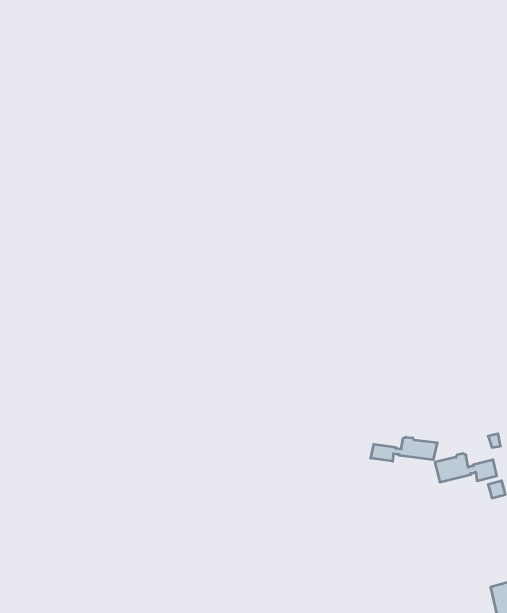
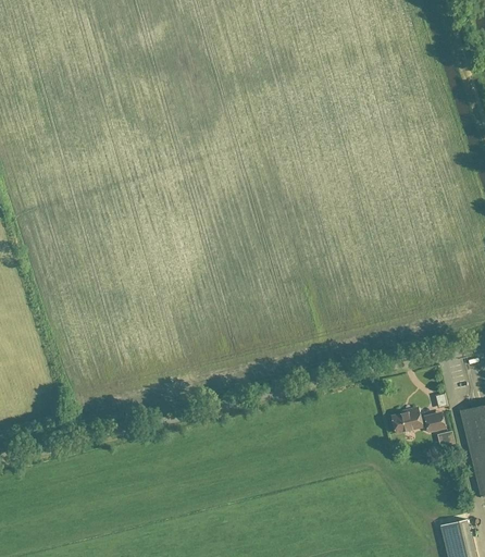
building: [371,437,437,461] -> none

